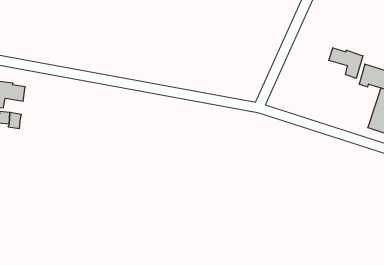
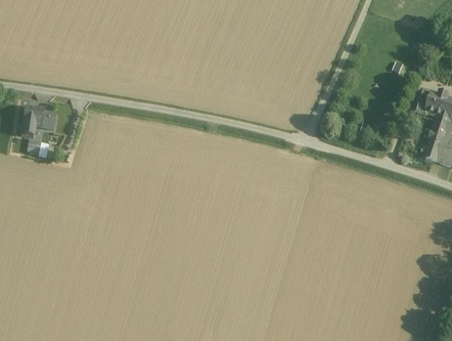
building: [329,48,363,78] -> none

